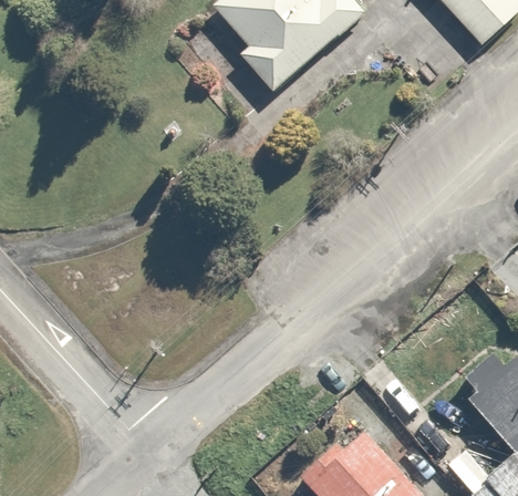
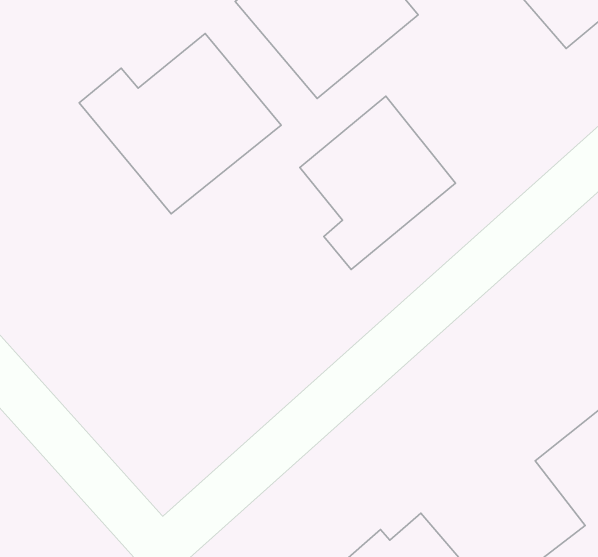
building: none -> [79,34,281,214]
building: none -> [300,96,455,269]

